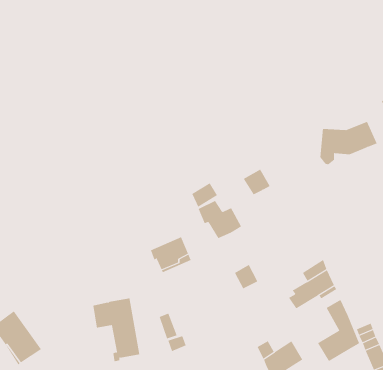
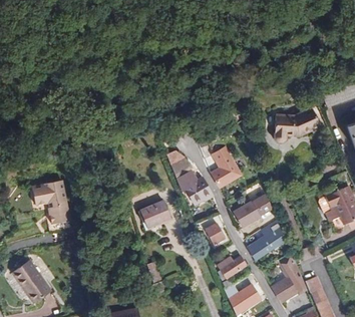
building: none -> [212,164,238,189]
building: none -> [234,195,271,226]
building: [92,298,140,362] -> [32,181,70,232]
building: none -> [218,255,247,280]

